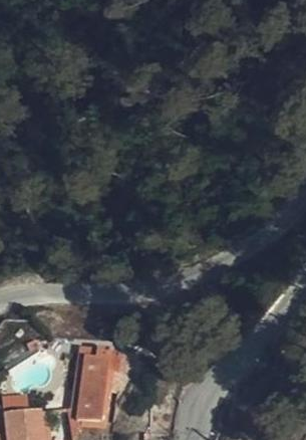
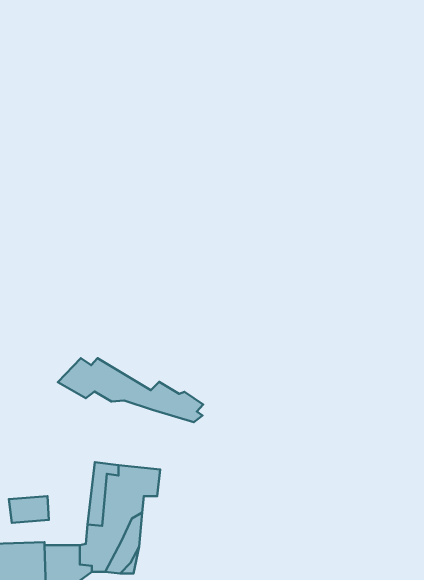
building: none -> [58,358,203,422]

